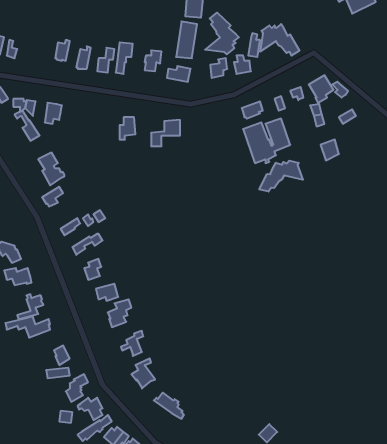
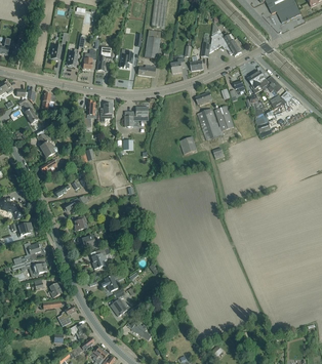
building: [205,13,239,54] -> none
building: [259,161,303,192] -> none

